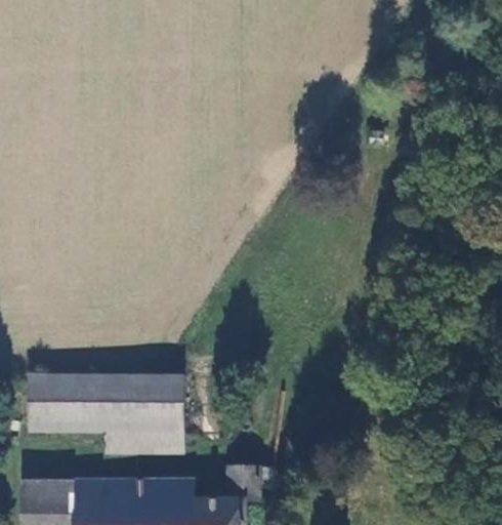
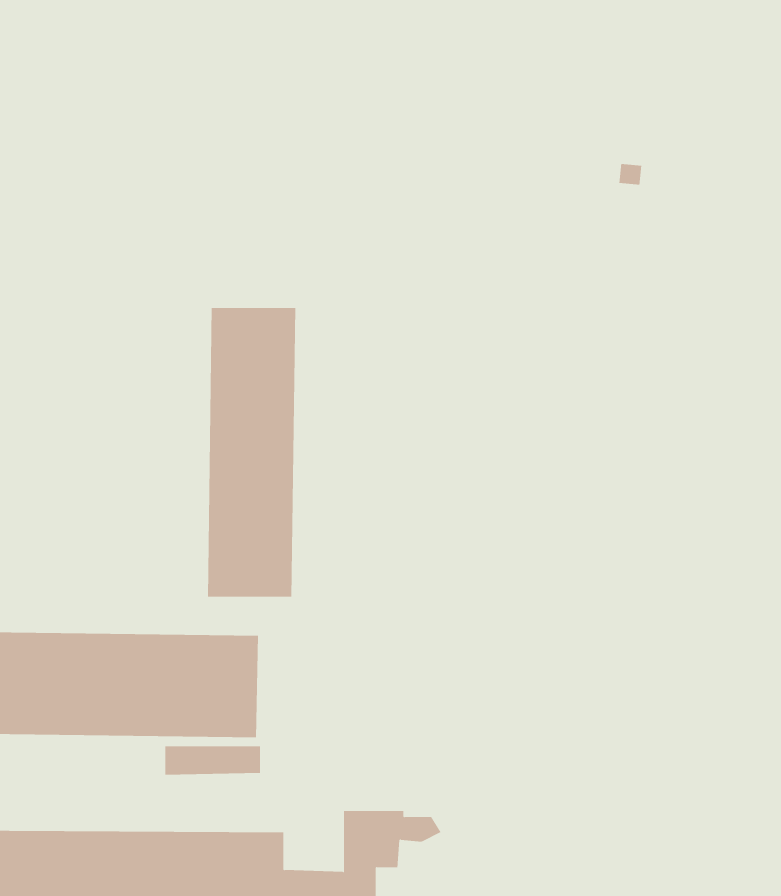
building: none -> [207,307,296,598]

